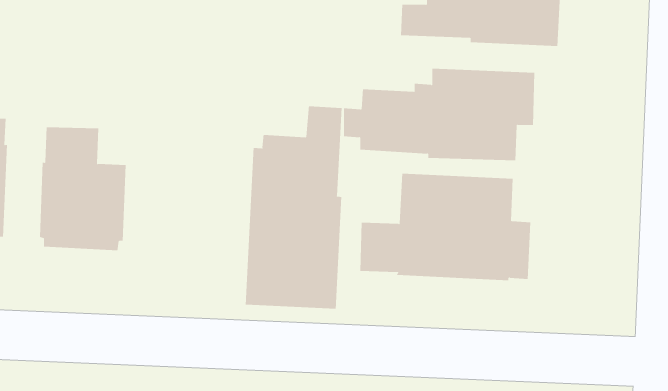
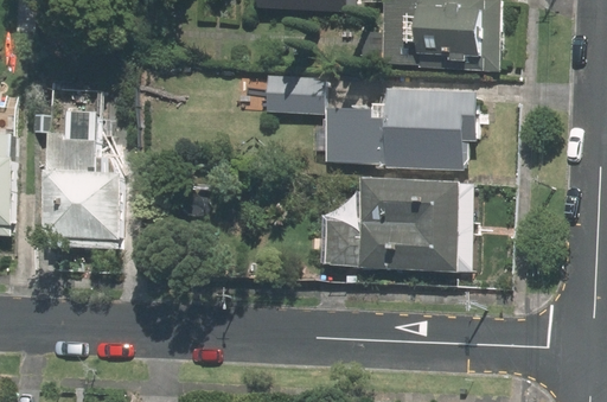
building: none -> [264,76,324,114]
building: [245,106,342,309] -> none

